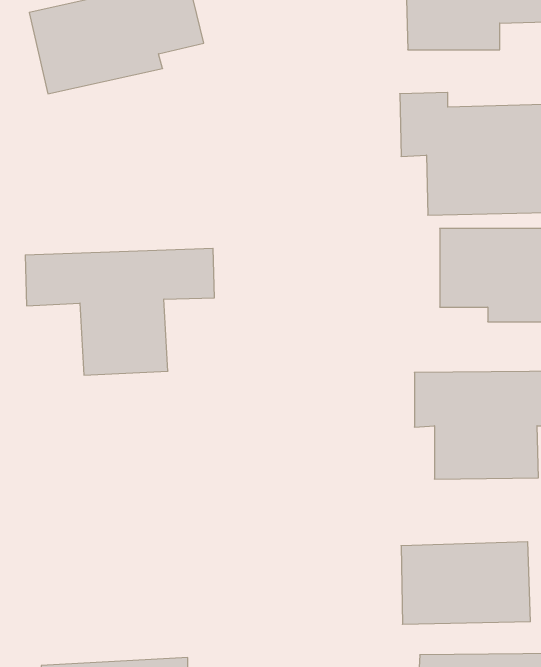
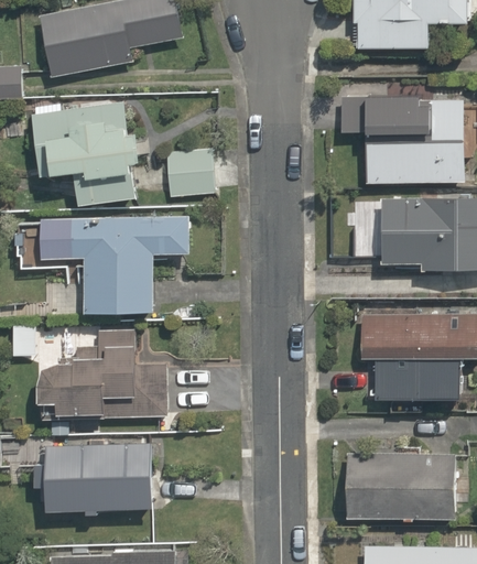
building: none -> [28,98,137,210]
building: none -> [167,150,217,204]
building: none -> [40,328,166,421]
building: none -> [36,438,154,512]

